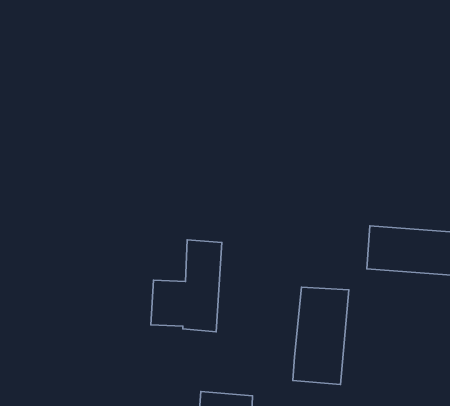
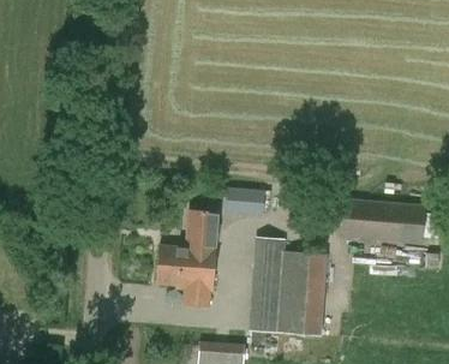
building: none -> [226,187,264,216]
building: none -> [249,237,286,333]

